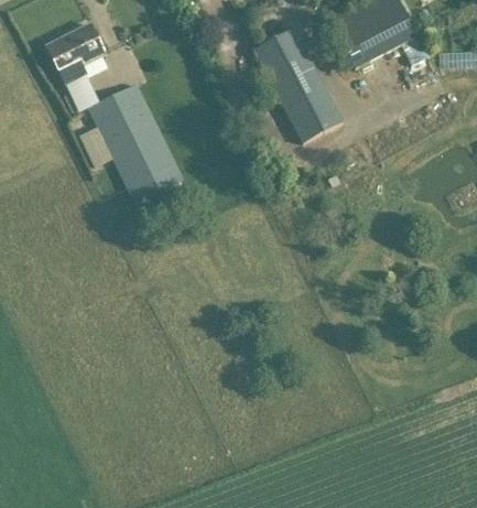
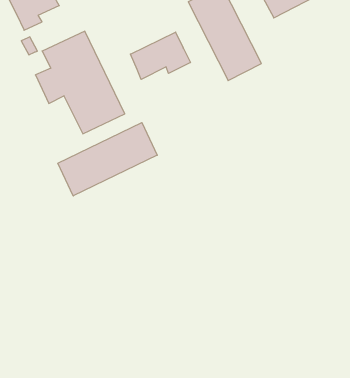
building: none -> [130,32,190,79]
building: none -> [58,123,157,196]

